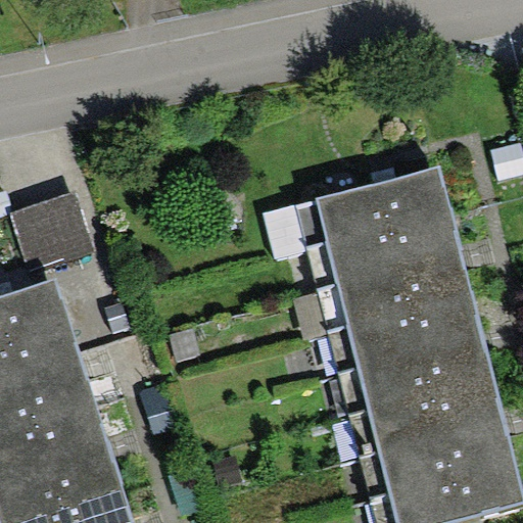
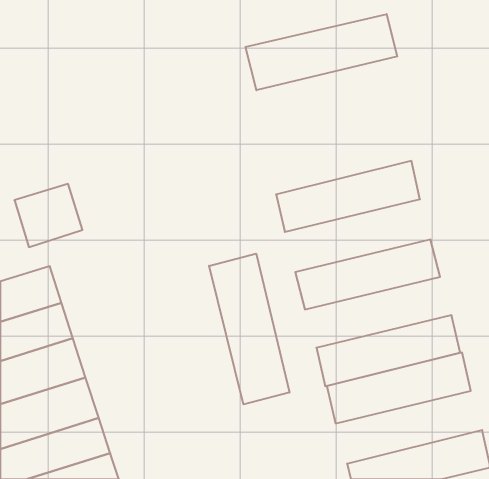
building: none -> [245,14,397,90]
building: [305,213,460,288] -> none
building: none -> [209,254,289,404]
building: [327,296,481,372] -> none
building: [361,417,515,492] -> none

